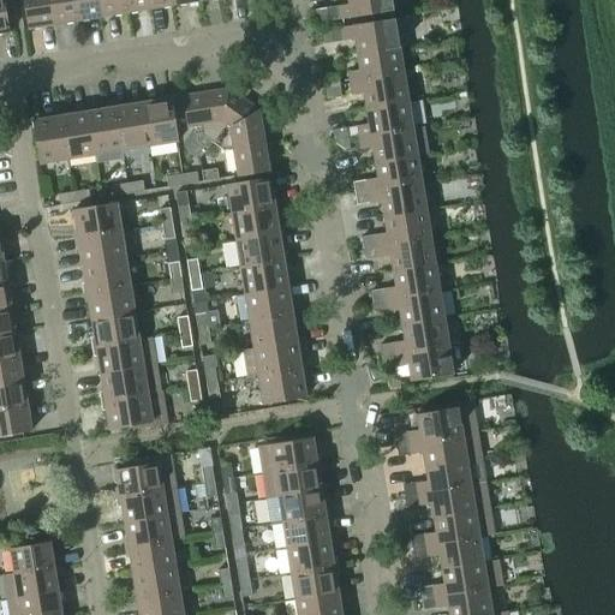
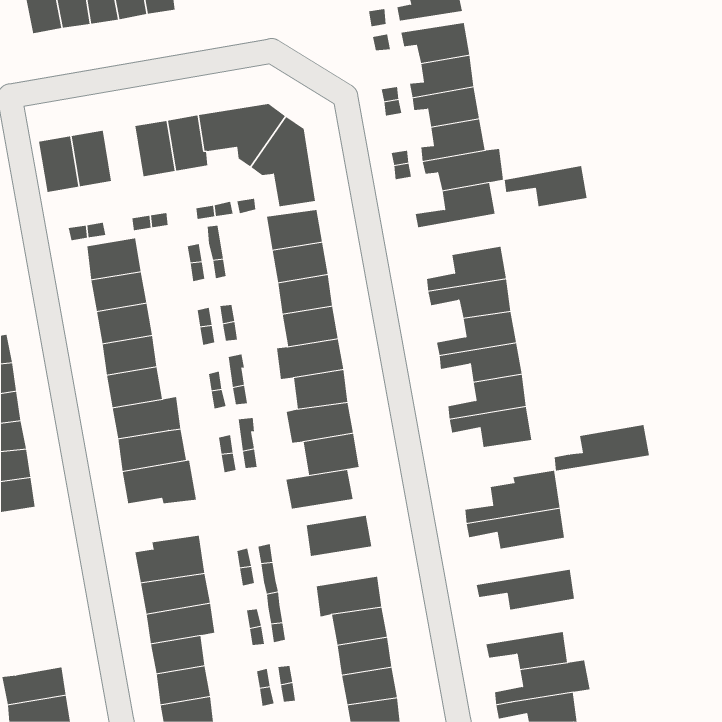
building: [89,107,123,154] -> none
building: [356,181,426,216] -> [504,166,588,207]
building: [404,456,485,496] -> [554,424,650,471]
building: [264,464,322,497] -> [285,469,353,509]
building: [412,508,494,547] -> none
building: [11,541,54,573] -> none

